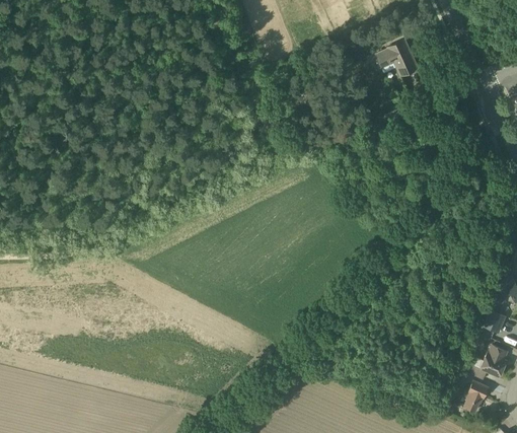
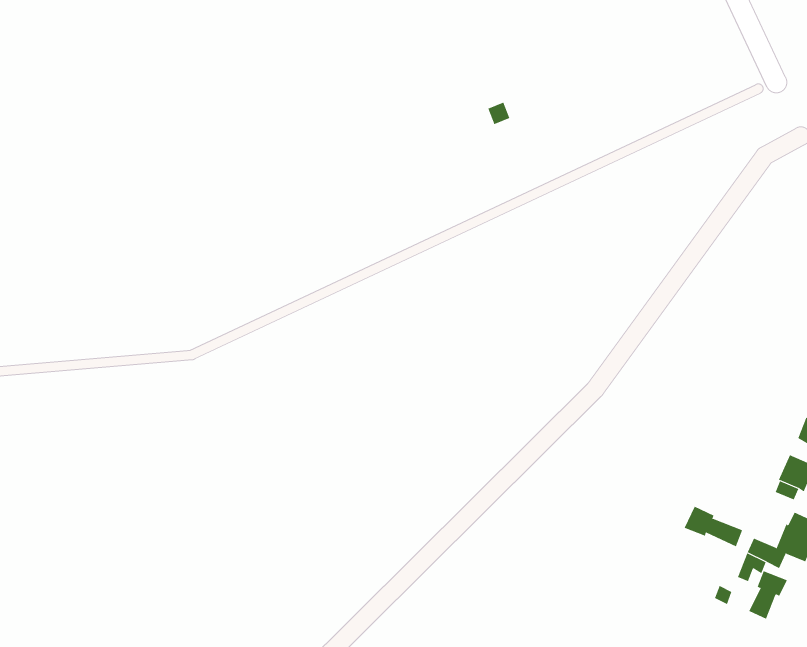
building: [378,40,419,75] -> none
building: none -> [684,506,743,547]

